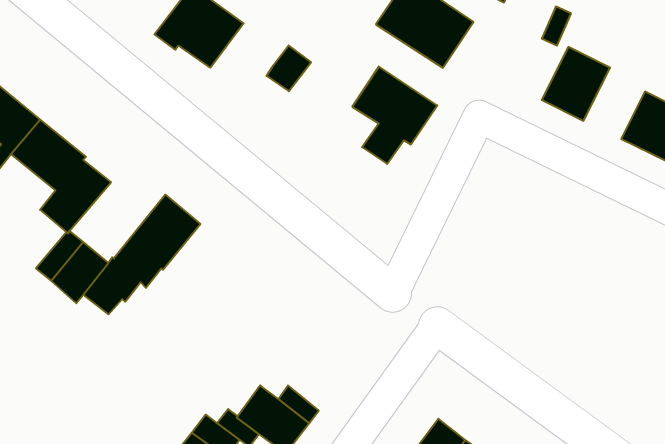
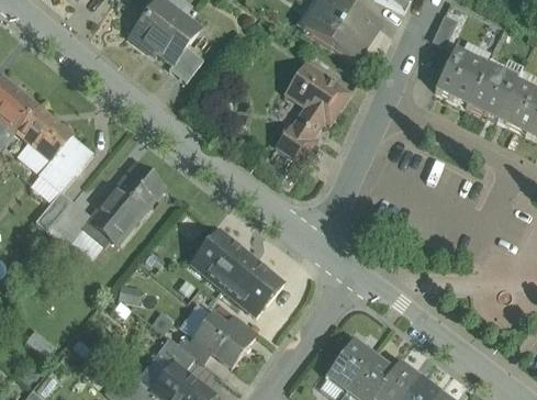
building: [266,45,311,91] -> [168,44,203,80]
building: none -> [467,56,519,118]
building: none -> [276,123,315,162]
building: none -> [192,229,282,313]

